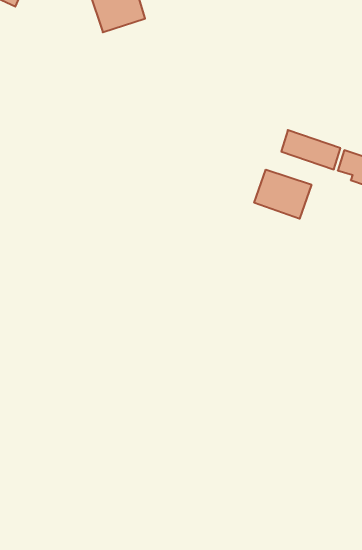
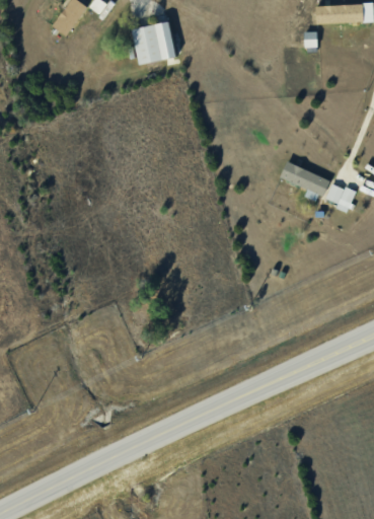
building: [254,170,311,219] -> none

